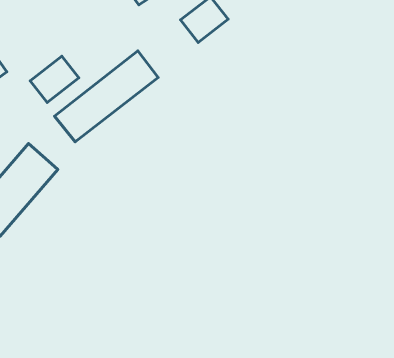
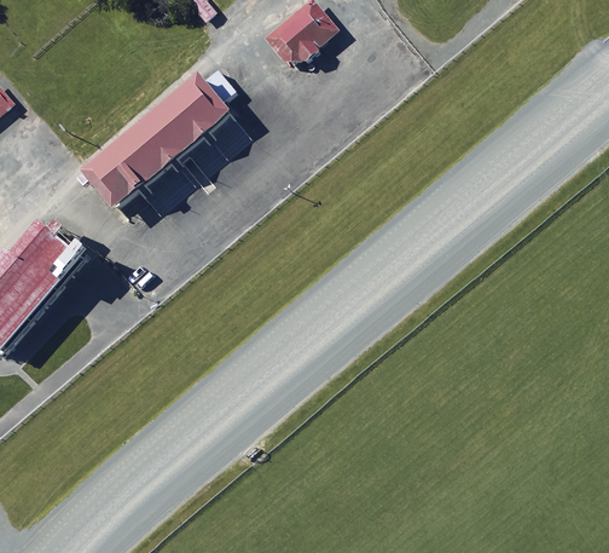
building: [30,56,79,102] -> none

